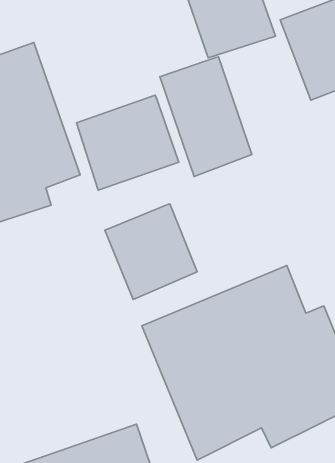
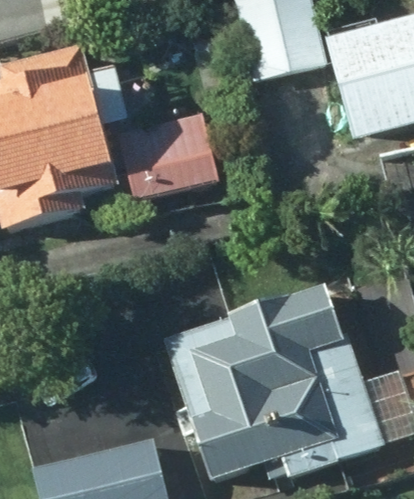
building: [160,57,252,176] -> none
building: [105,204,197,299] -> none

